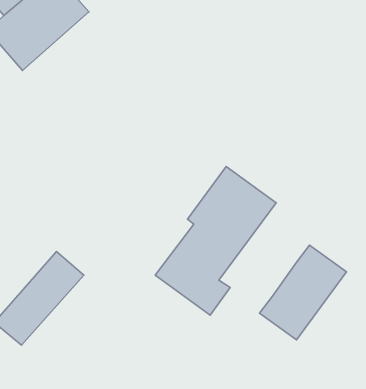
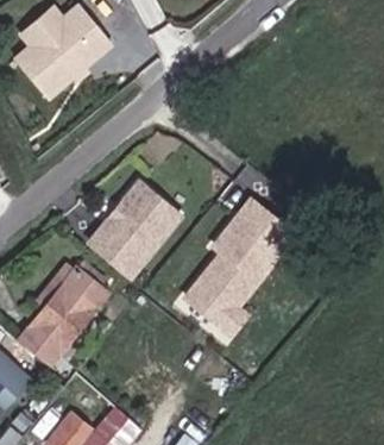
building: none -> [89,180,178,272]
building: [260,245,346,340] -> none

